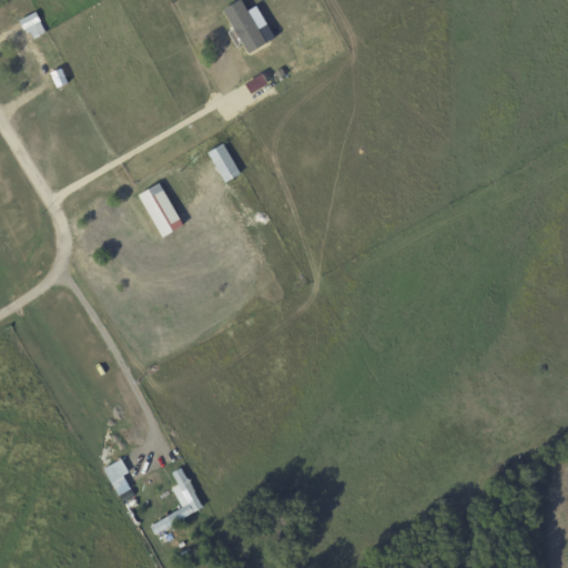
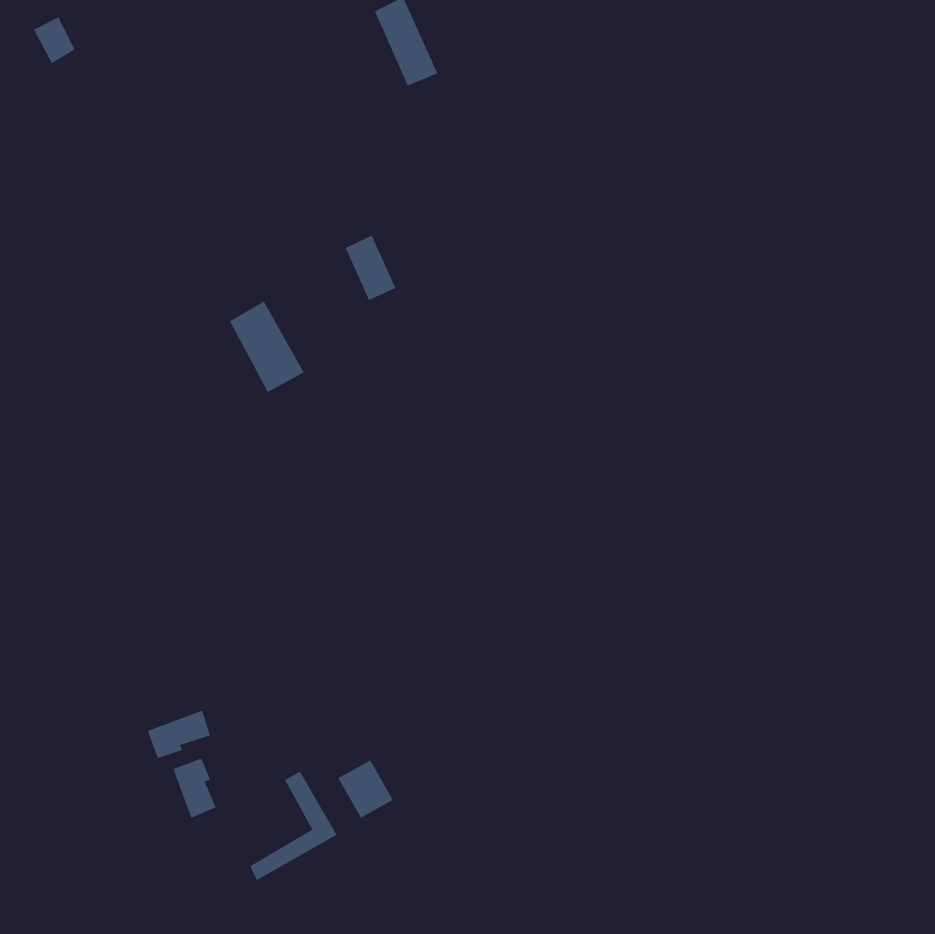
building: none -> [147,710,210,759]
building: none -> [338,760,394,819]

